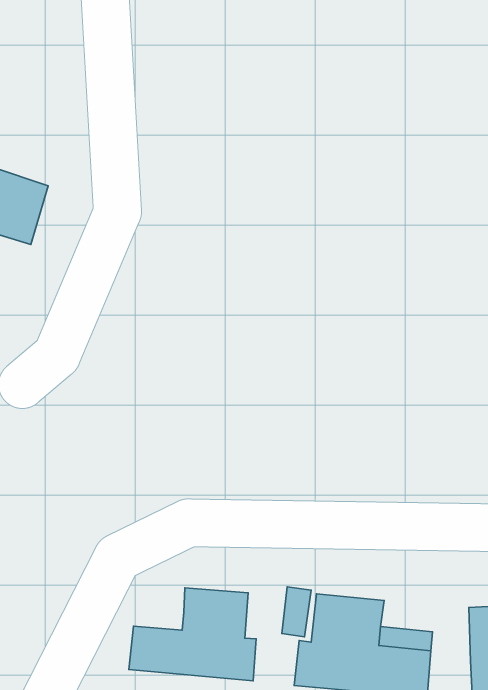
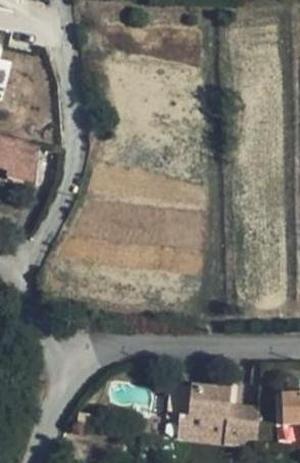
building: [129,588,256,681] -> none

